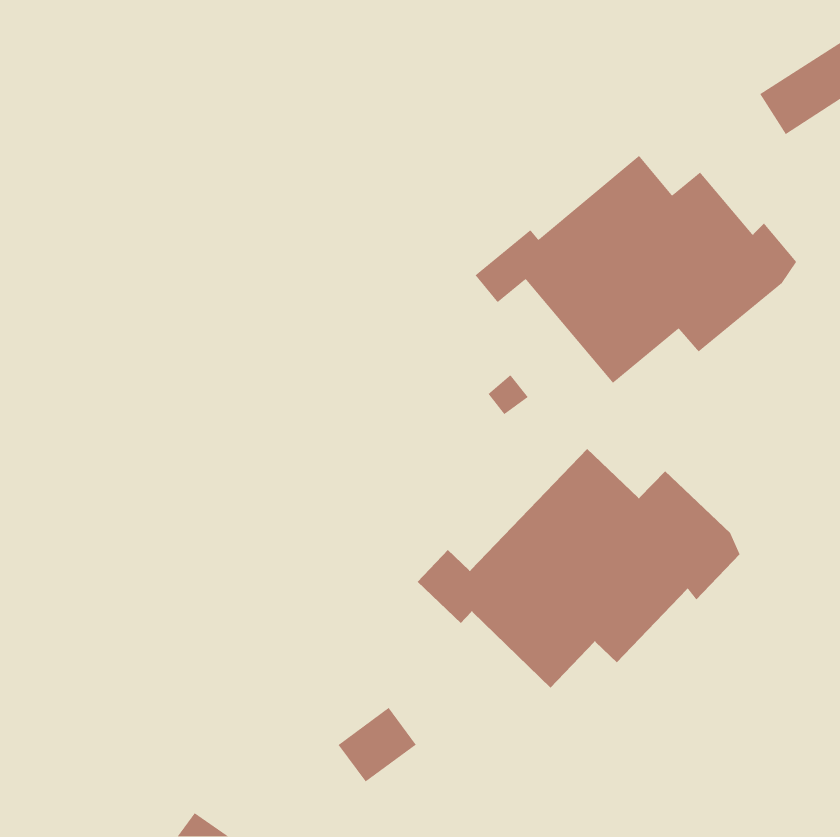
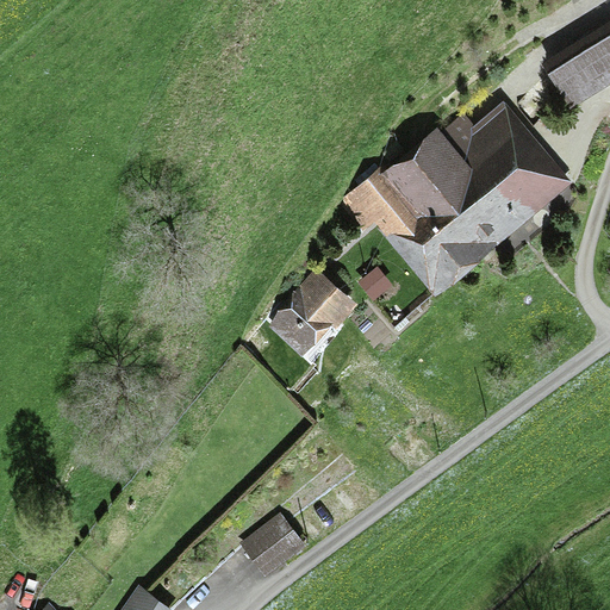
building: none -> [274,275,347,346]
building: [417,448,740,688] -> none

